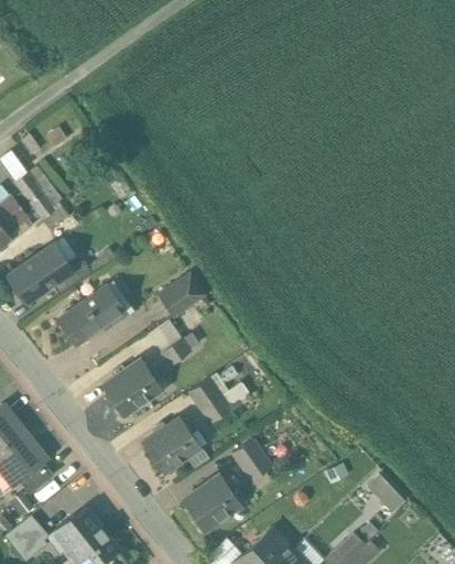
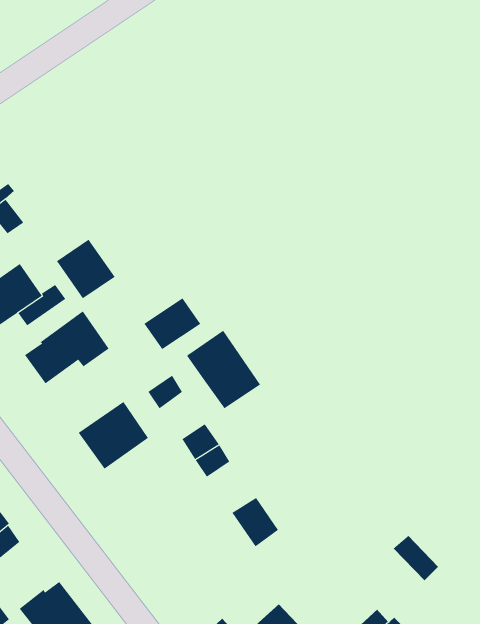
building: none -> [56,239,115,299]
building: none -> [186,330,261,409]
building: [143,417,202,473] -> none
building: [183,474,241,530] -> none

